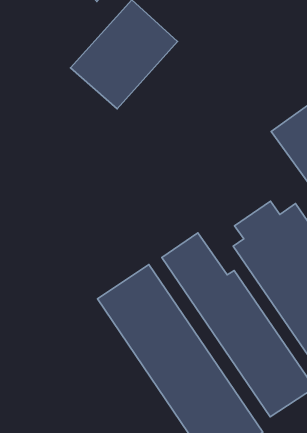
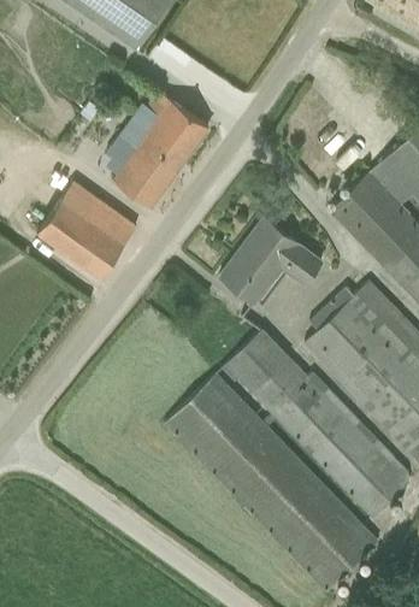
building: none -> [37,181,136,277]
building: none -> [224,211,331,302]

